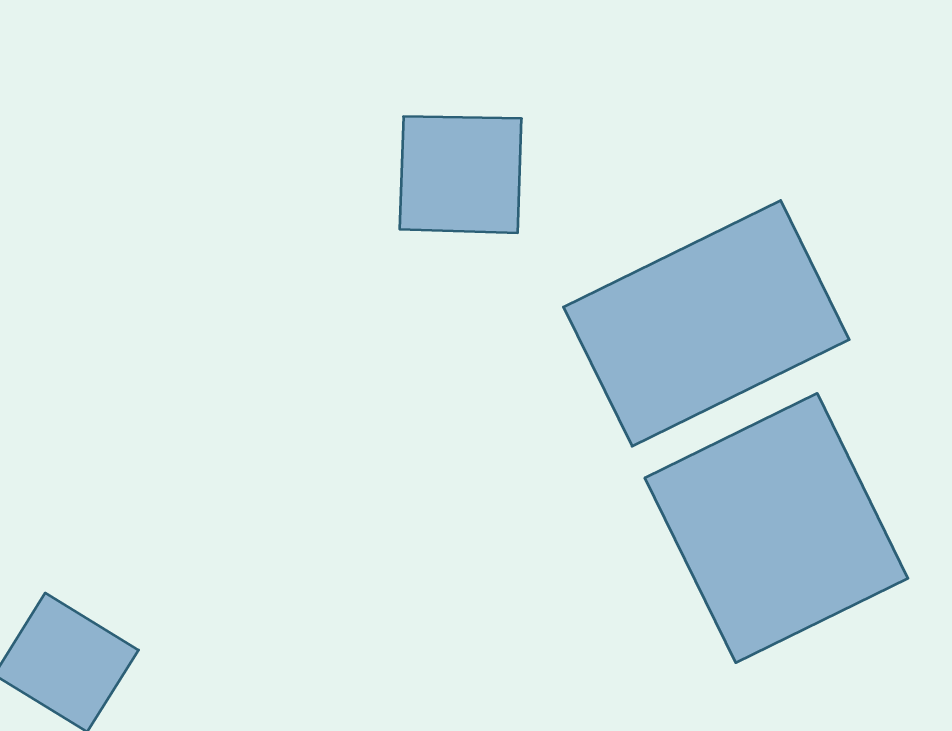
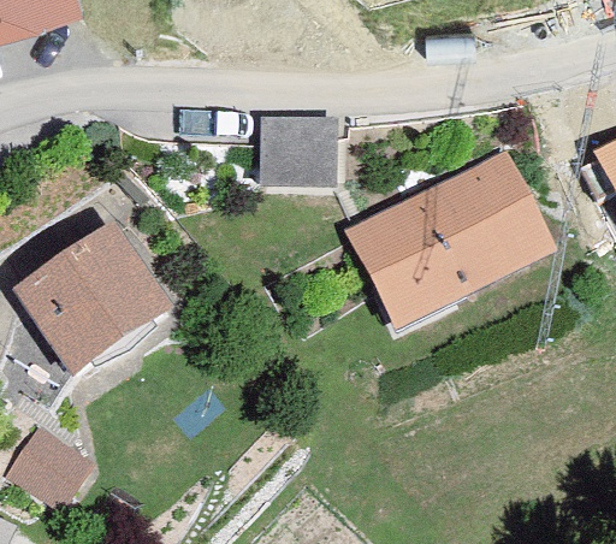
building: none -> [22,236,162,374]
building: [645,393,908,663] -> none

